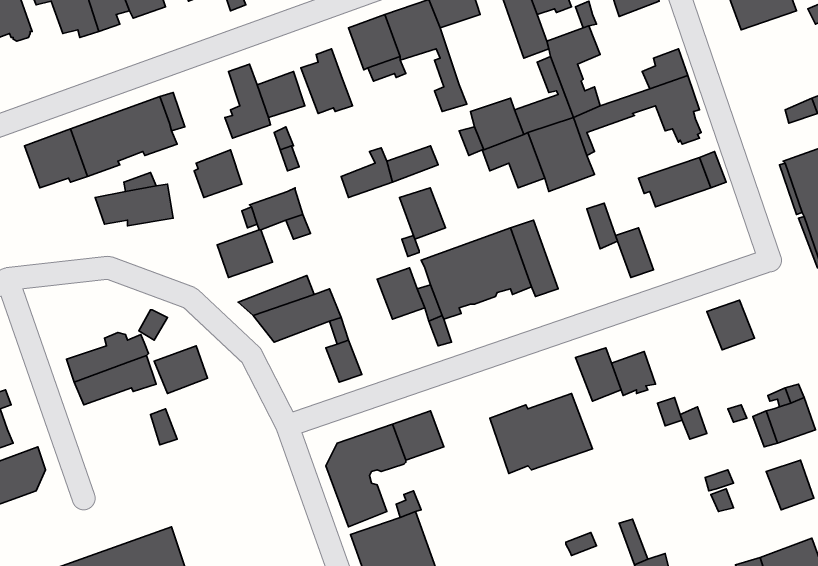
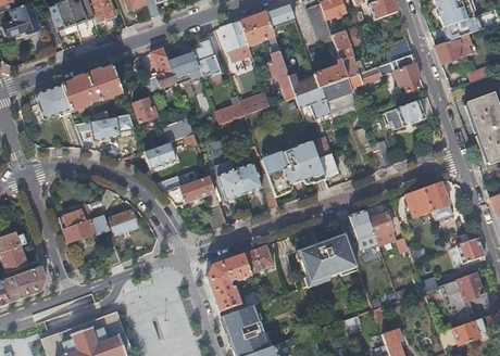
building: none -> [435,35,475,64]
building: [400,188,445,239] -> [217,170,243,200]
building: none -> [404,189,432,217]

